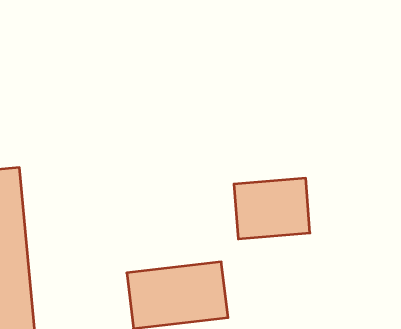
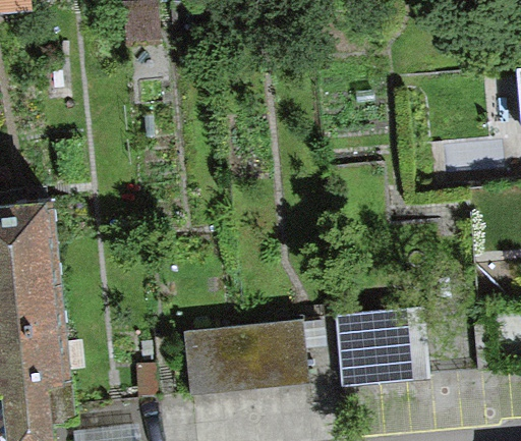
building: [234,178,310,239] -> [335,309,426,382]

